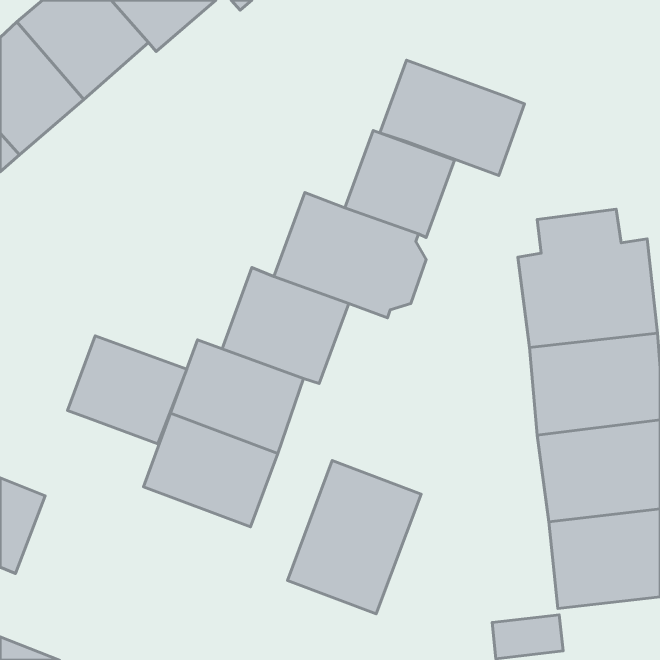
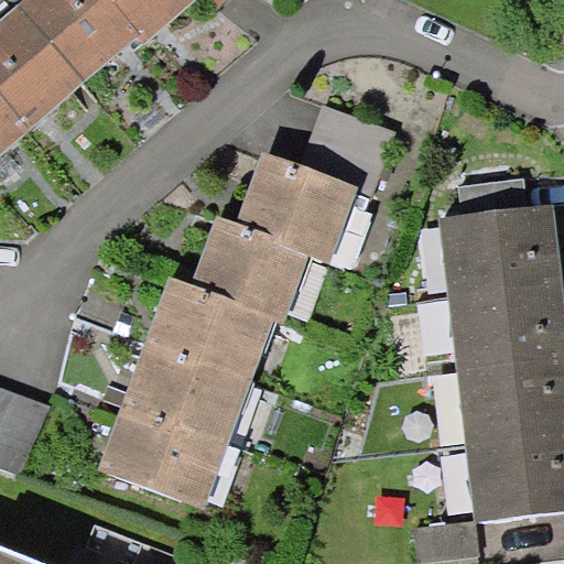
building: [380,60,525,176] -> none
building: [68,336,187,444] -> none
building: [287,461,421,614] -> none
building: none -> [99,415,214,511]

